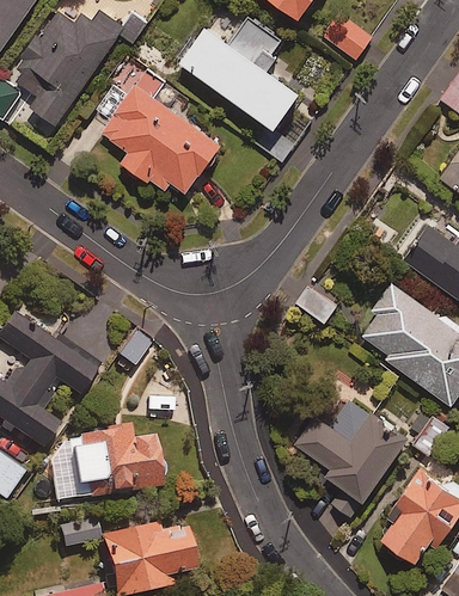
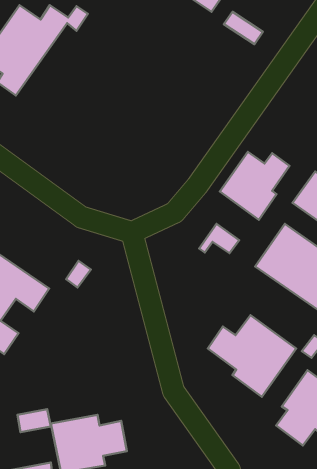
building: [179,16,300,129] -> none
building: [100,63,220,193] -> none
building: none -> [220,152,290,220]
building: [50,426,160,503] -> none

